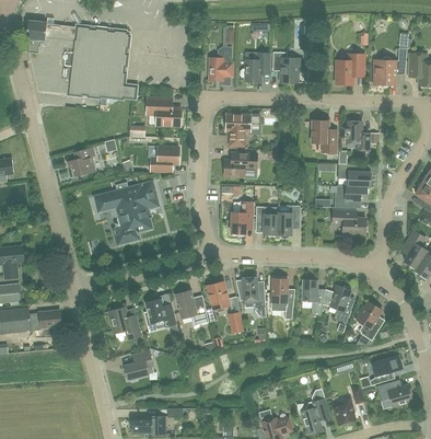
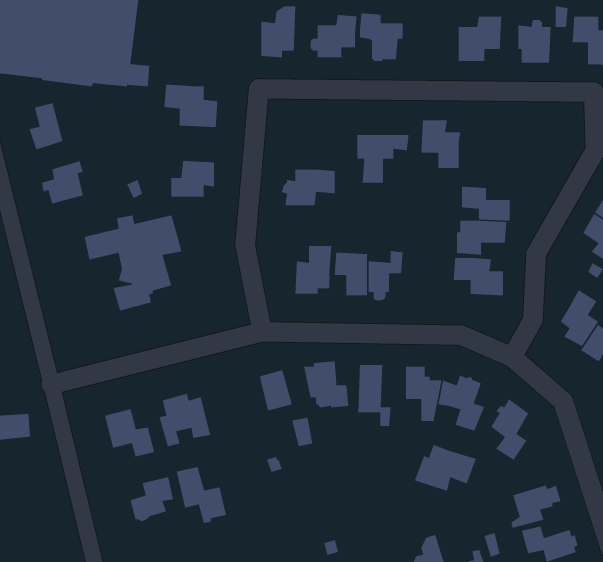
building: none -> [28,102,64,151]
building: [226,114,260,146] -> [357,134,409,183]
building: [339,119,370,150] -> none
building: [176,290,209,327] -> [176,466,227,524]
building: none -> [414,444,477,492]

